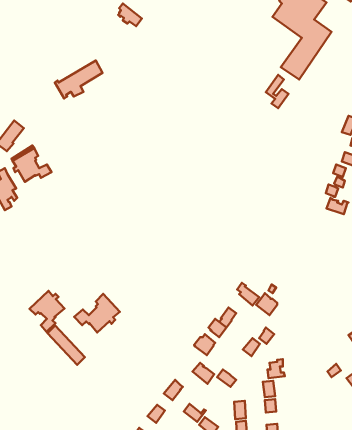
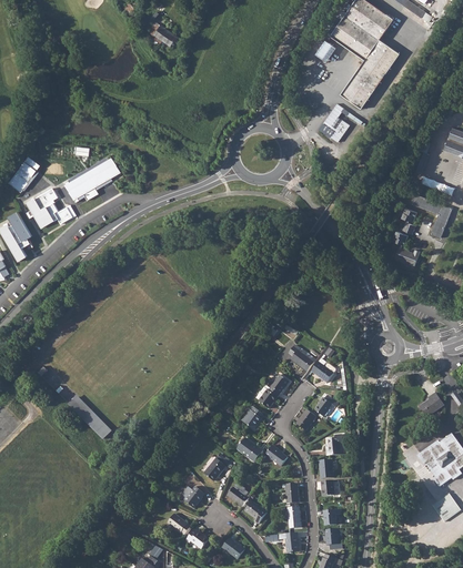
building: [55,60,102,99] -> [64,158,120,202]
building: [29,291,64,332] -> none
building: [74,294,120,332] -> none

